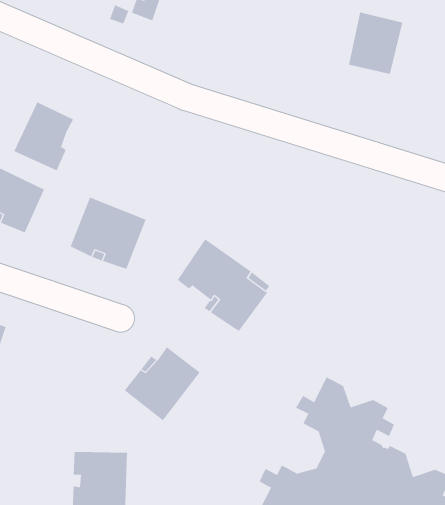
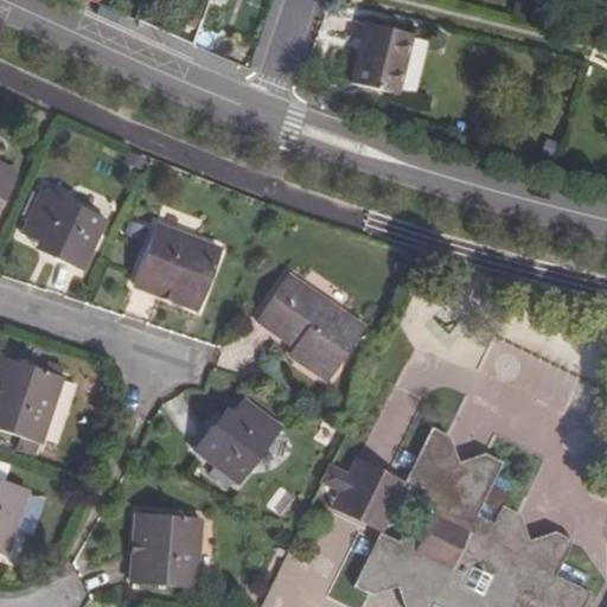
building: [348,12,403,74] -> [353,25,416,96]
building: [14,102,74,171] -> none
building: none -> [321,461,402,532]

